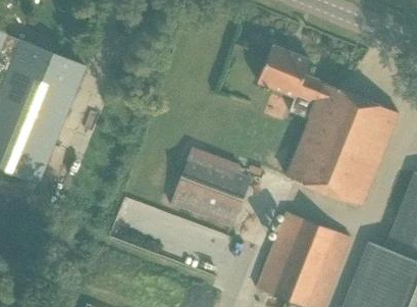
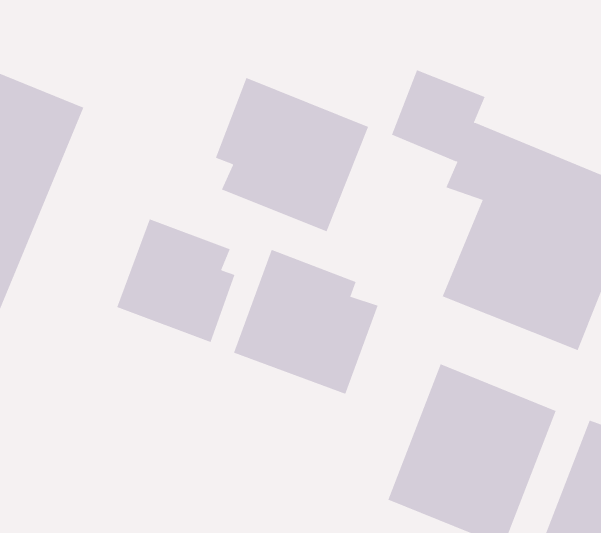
building: none -> [215,77,369,232]
building: none -> [117,219,235,343]

